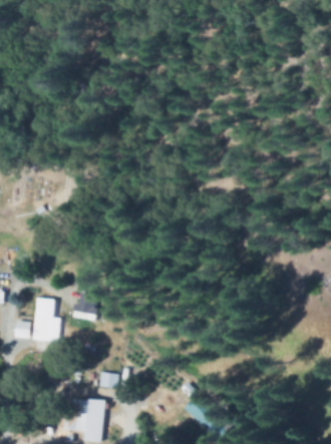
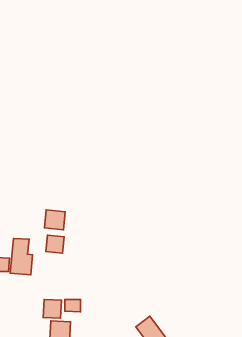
building: none -> [44,210,65,230]
building: none -> [43,299,61,318]

